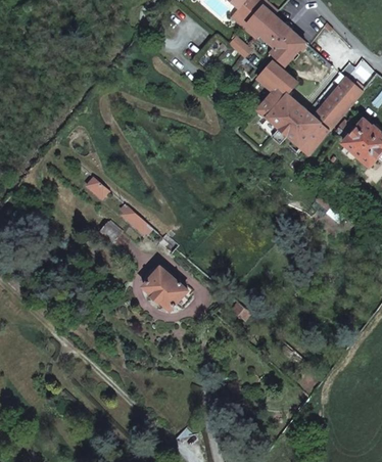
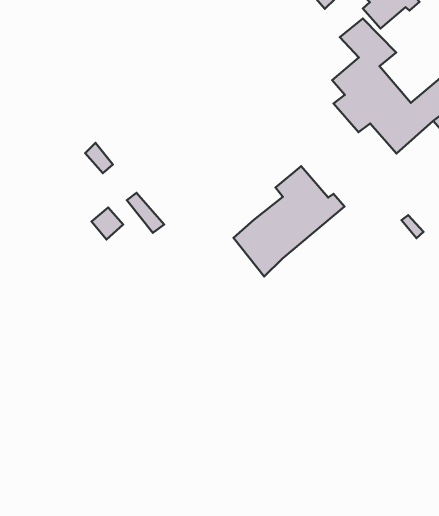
building: none -> [234,166,344,276]
building: [144,266,188,310] -> none

